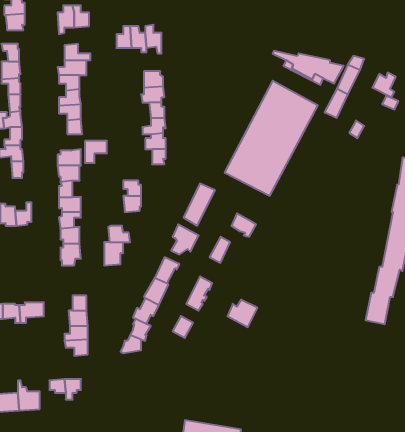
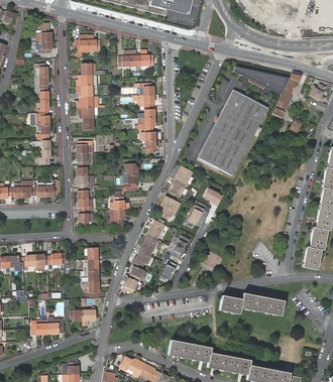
building: none -> [219,292,284,314]

